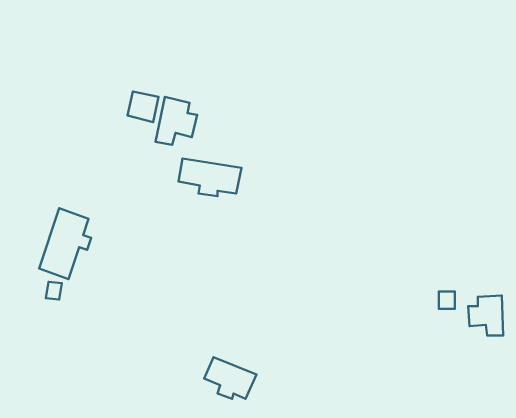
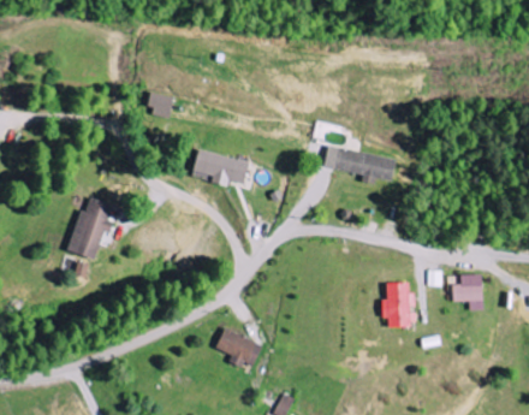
building: [155,97,197,145] -> none
building: none -> [325,147,397,184]
building: none -> [382,283,417,327]

